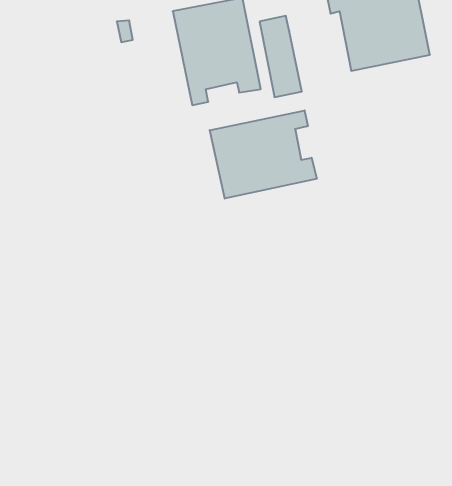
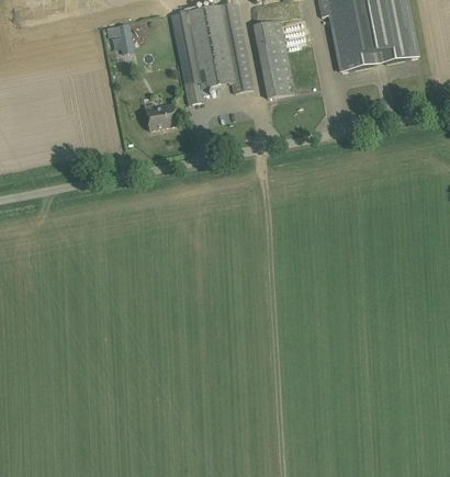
building: none -> [145,102,177,128]
building: [210,110,317,199] -> none

